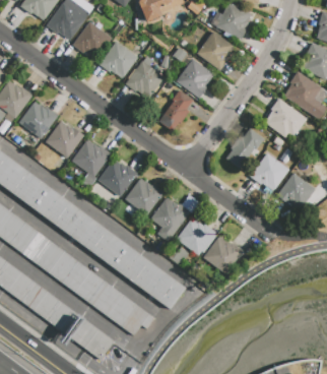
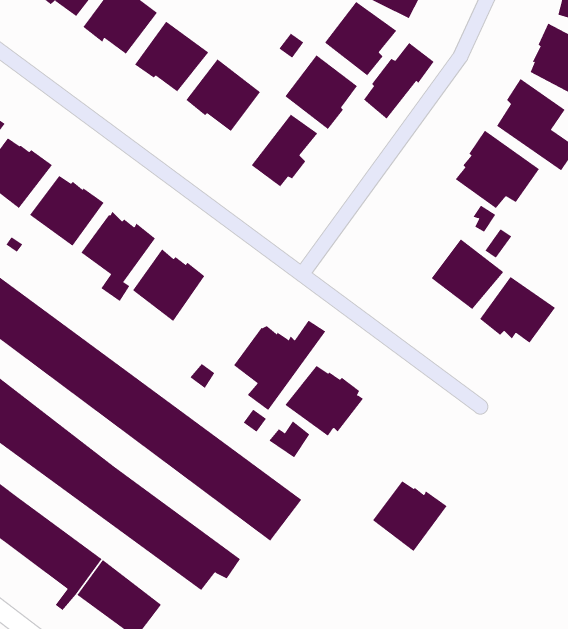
building: [226,128,263,168] -> [363,42,434,119]
building: [126,178,165,214] -> none
building: [204,237,243,273] -> [372,481,447,552]

